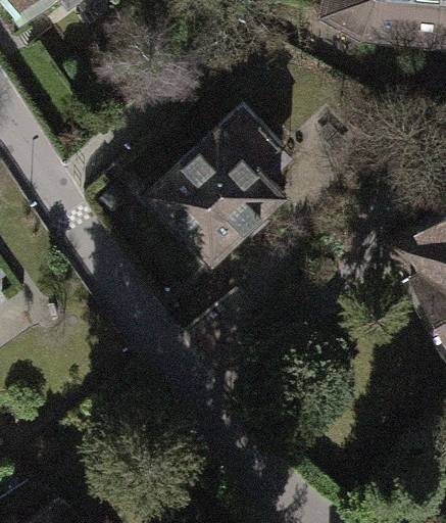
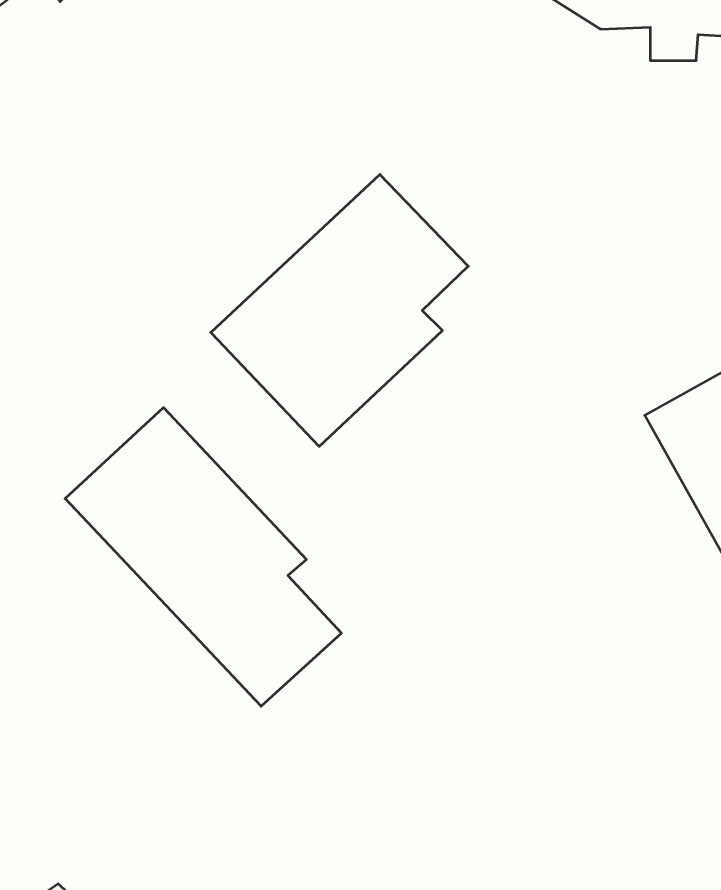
building: none -> [65,408,341,706]

